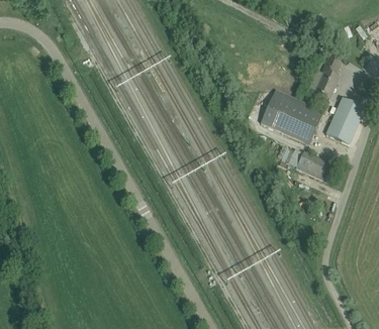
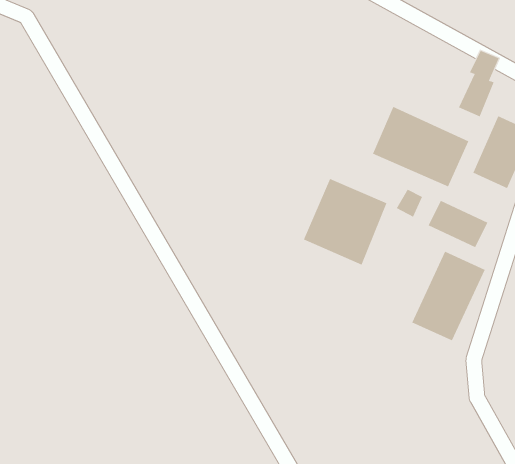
building: none -> [303,178,387,266]
building: none -> [411,251,486,341]

